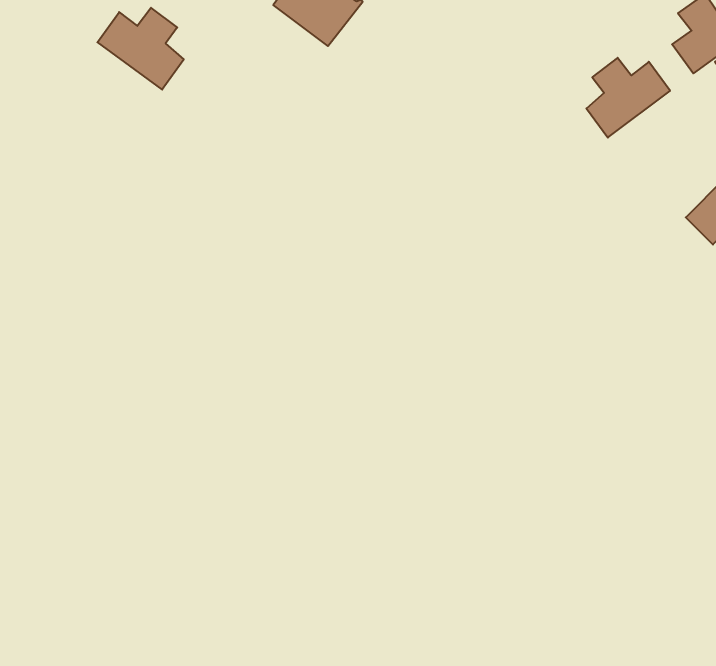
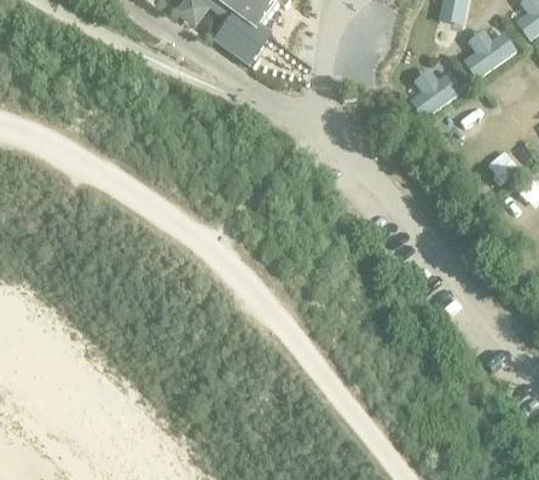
building: [97,8,184,90] -> none

